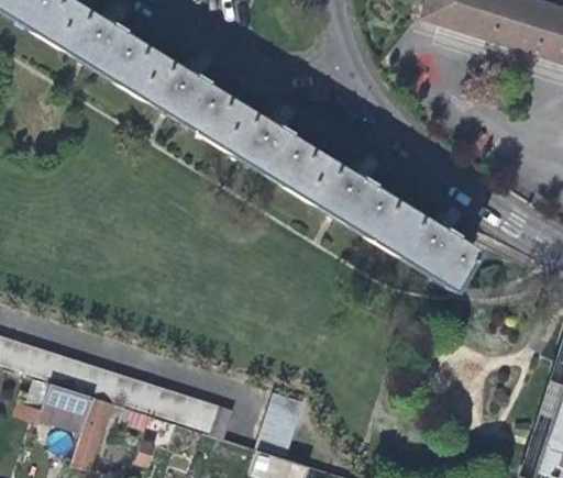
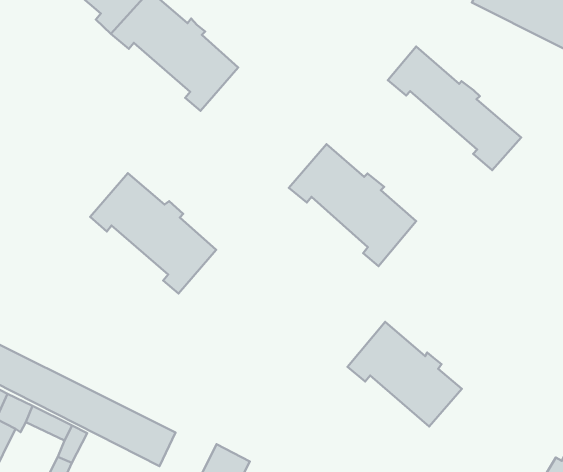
building: none -> [388,46,521,170]
building: [214,102,322,194] -> [90,173,216,294]
building: [380,205,477,286] -> [347,322,462,426]

